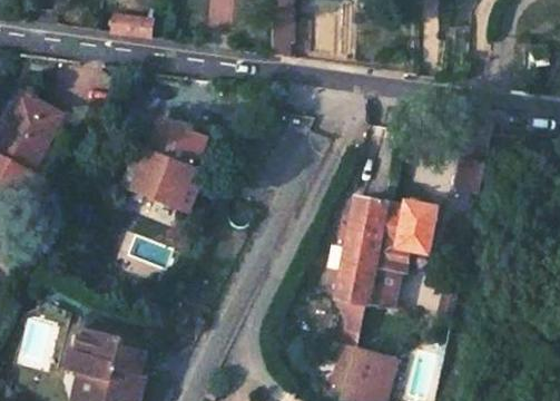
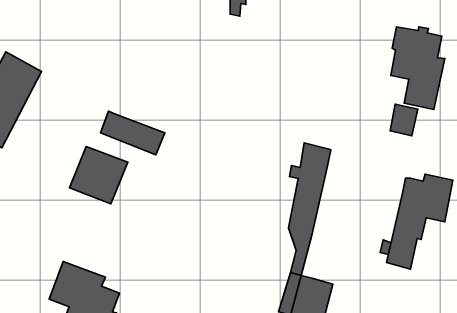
building: none -> [391,27,445,110]
building: [143,118,208,183] -> [69,146,128,204]
building: [364,200,439,307] -> [387,174,453,269]

